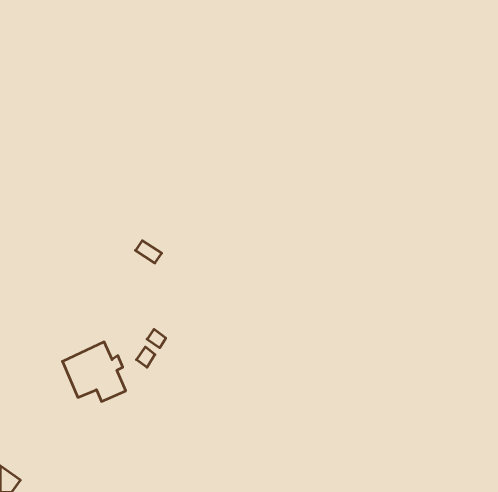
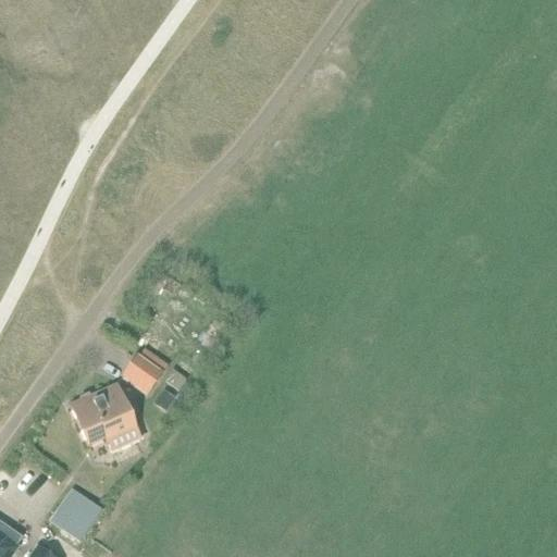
building: none -> [120,347,168,393]
building: none -> [65,496,101,532]

